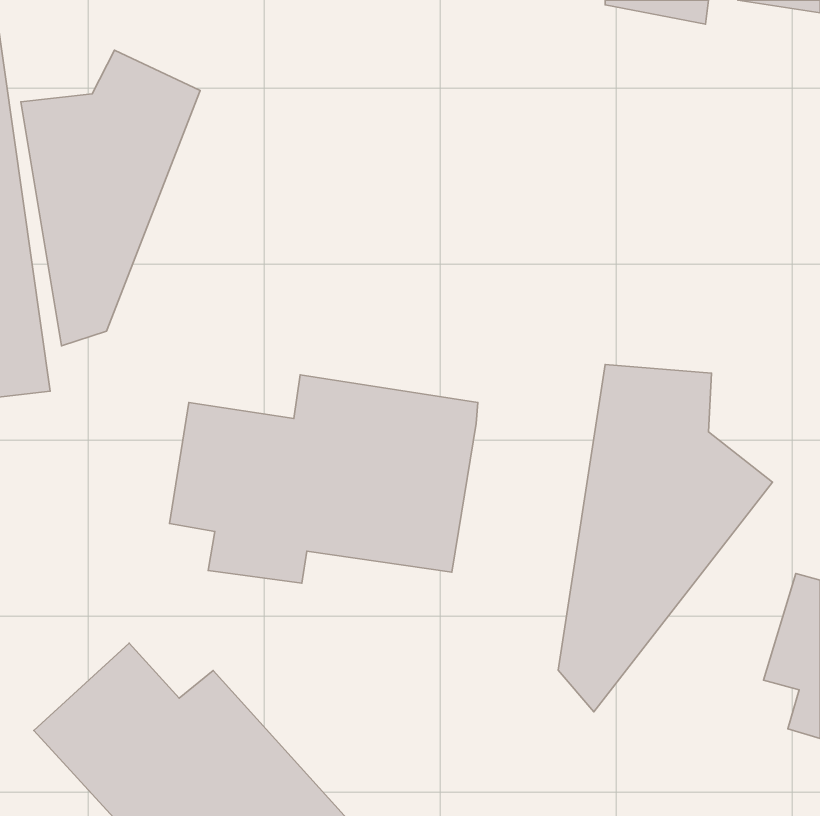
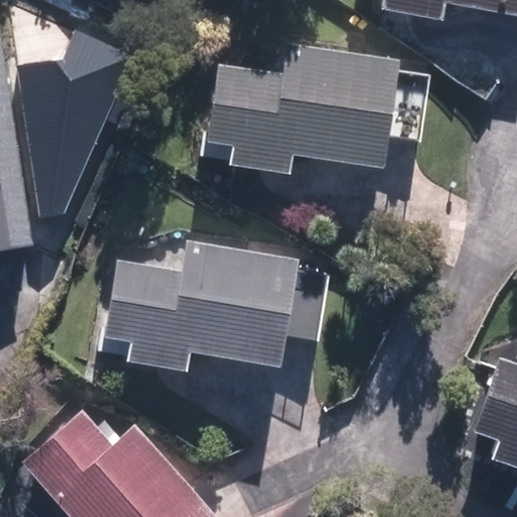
building: none -> [209,43,399,174]
building: [558,365,773,712] -> none

